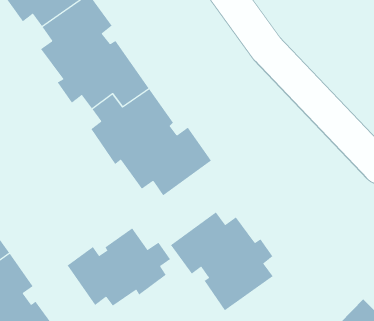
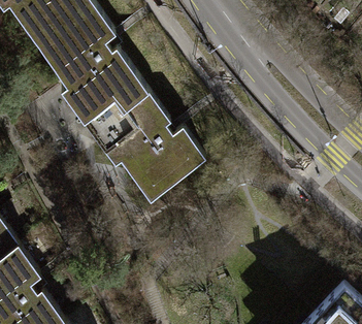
building: [170,211,273,311] -> none
building: [67,227,171,307] -> none

